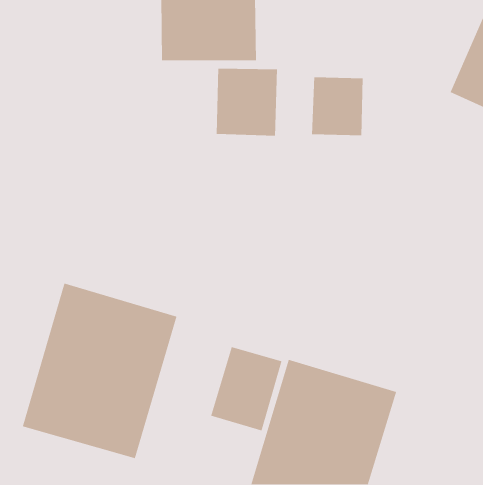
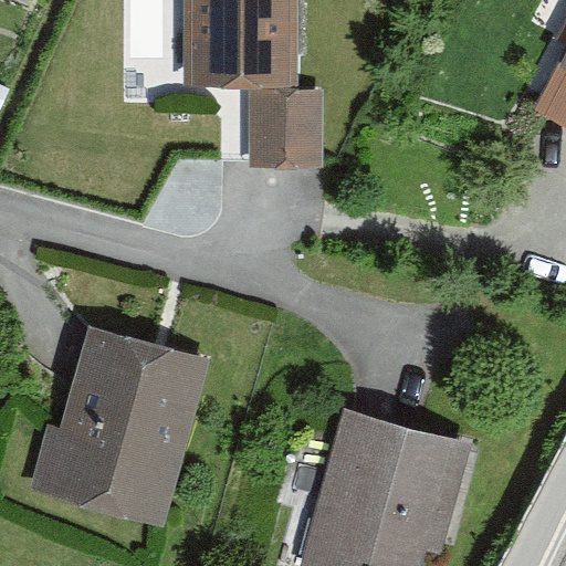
building: [311,76,364,136] -> none
building: [210,346,282,431] -> none

